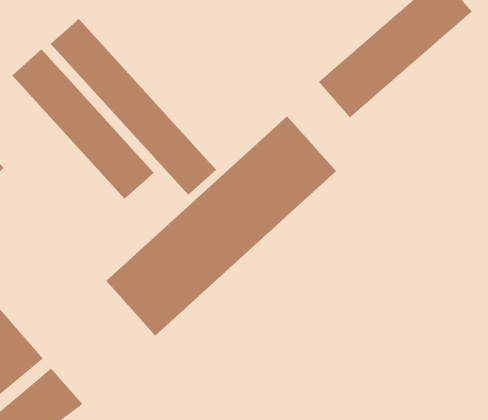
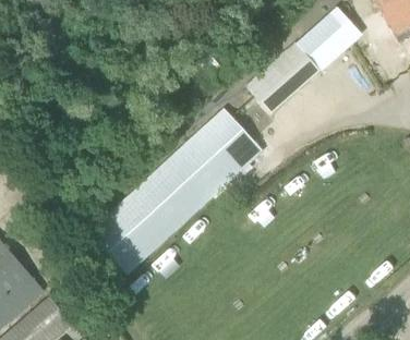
building: [50,18,217,196] -> none
building: [11,48,155,200] -> none

